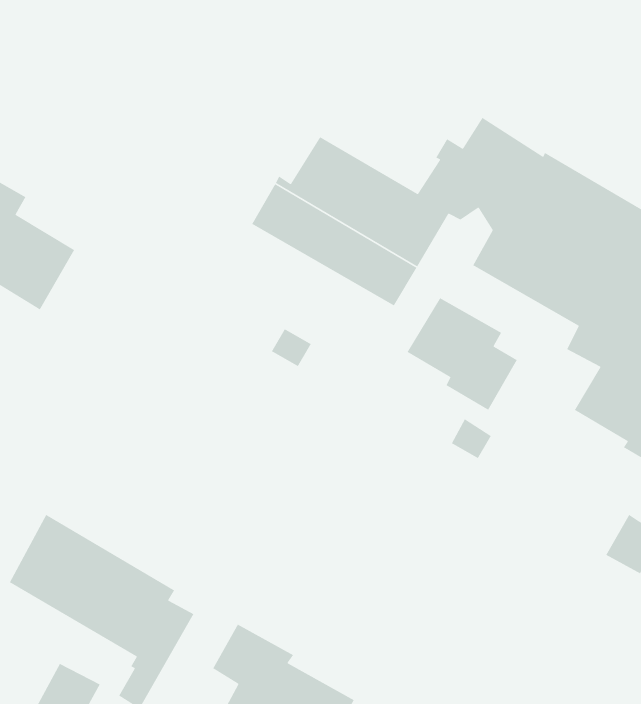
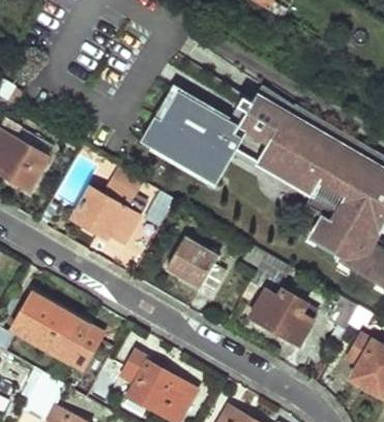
building: none -> [73,178,144,239]
building: [406,297,518,411] -> [166,236,225,296]
building: none -> [263,288,312,342]

